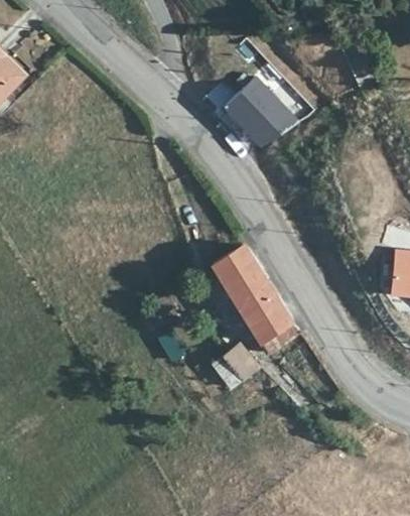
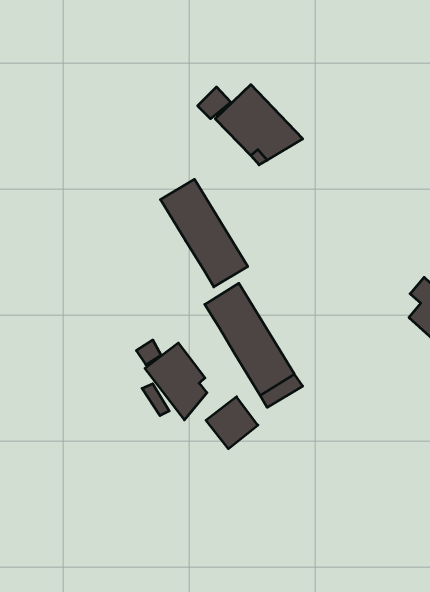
building: none -> [160,179,248,287]
building: none -> [145,343,207,420]

